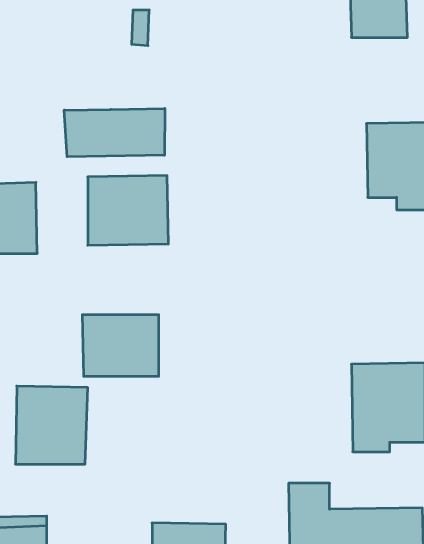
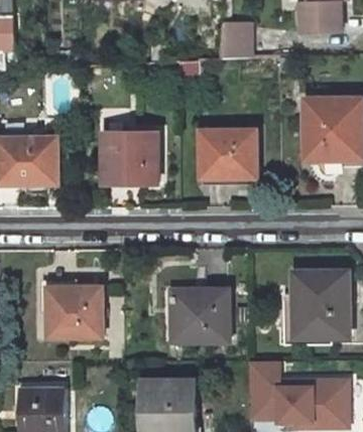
building: none -> [219,20,244,59]
building: [64,108,165,157] -> none
building: none -> [204,131,263,176]
building: [82,315,159,376] -> [175,292,232,337]

